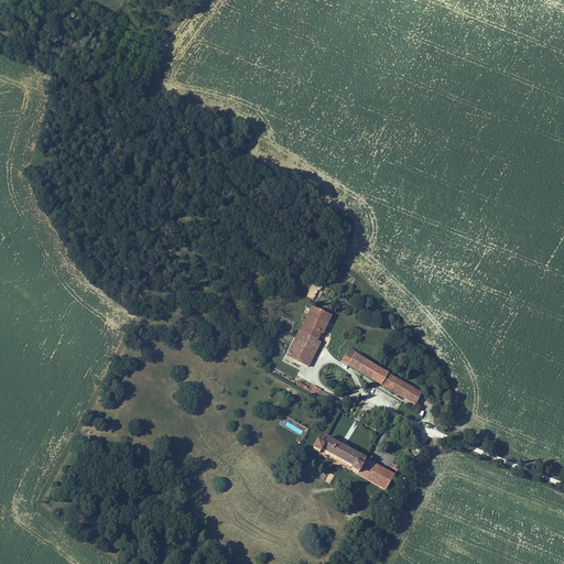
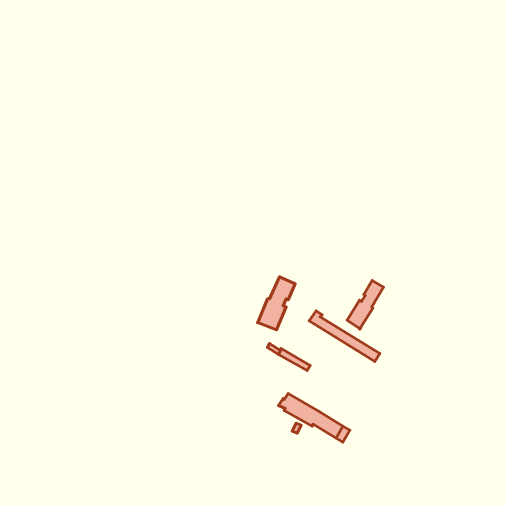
building: none -> [347,280,384,329]

